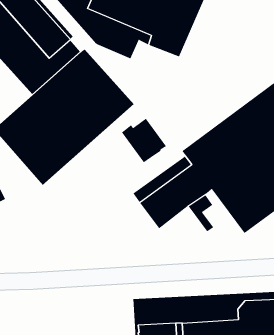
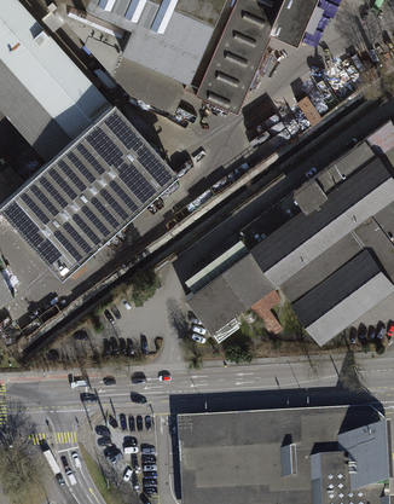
building: [121,118,167,163] -> none

